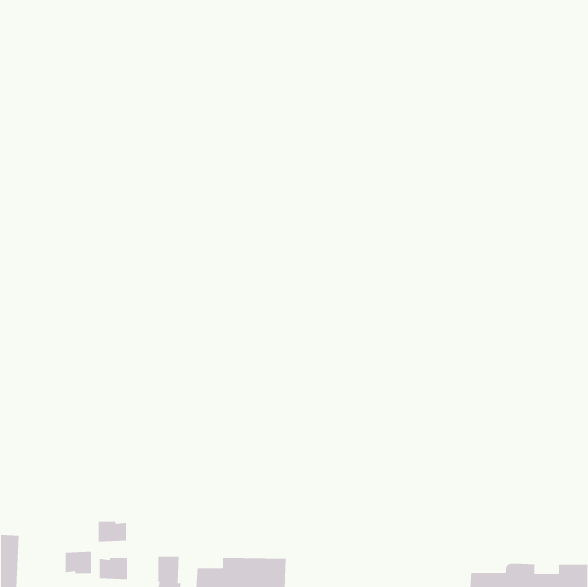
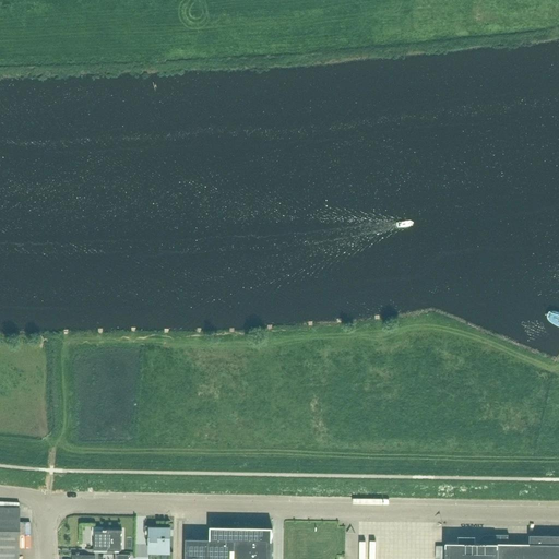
building: [98,521,127,542] -> none
building: [65,551,92,574] -> none

